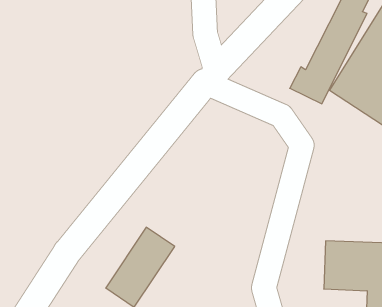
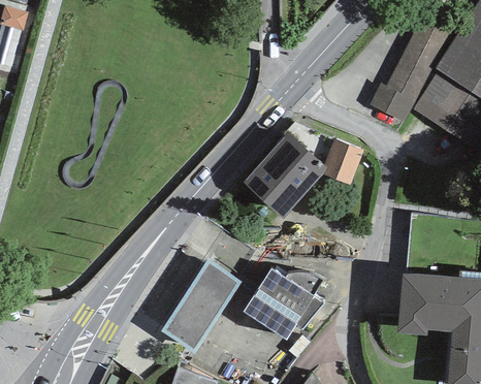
building: none -> [240,129,358,221]
building: none -> [243,270,321,340]

